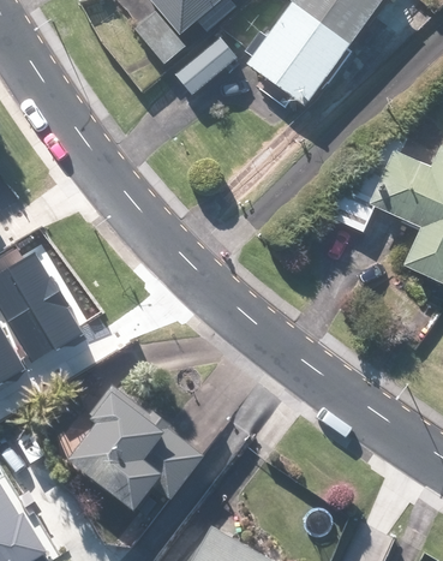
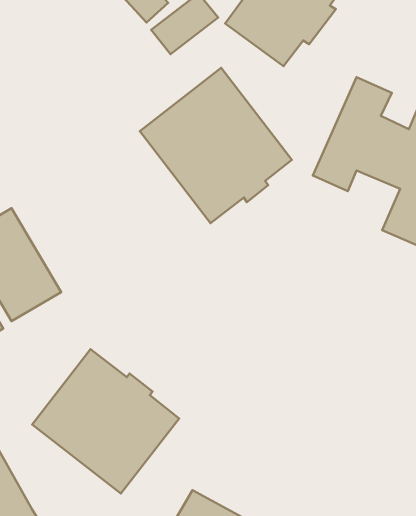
building: none -> [140,68,292,223]

